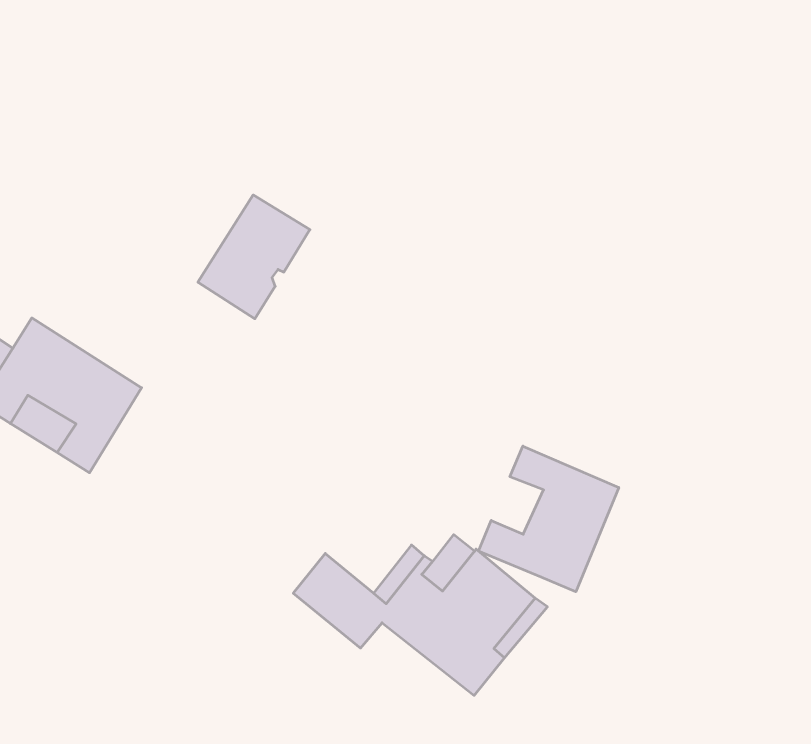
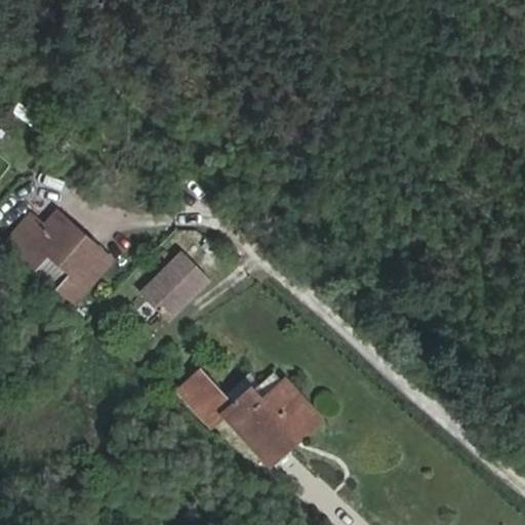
building: [198,195,310,319] -> [135,260,203,330]
building: [478,446,619,592] -> none

